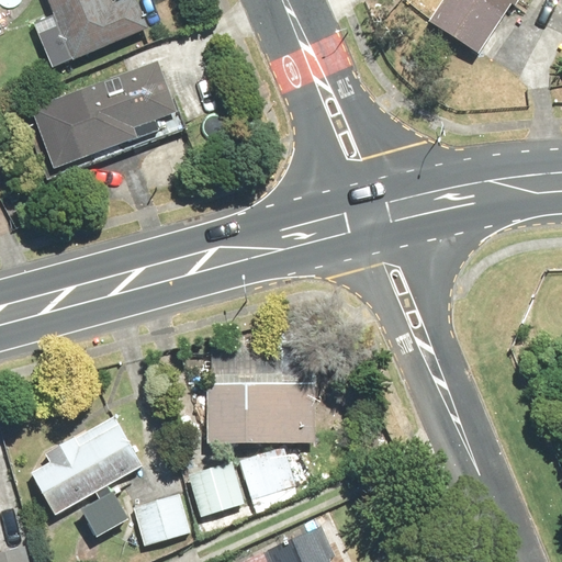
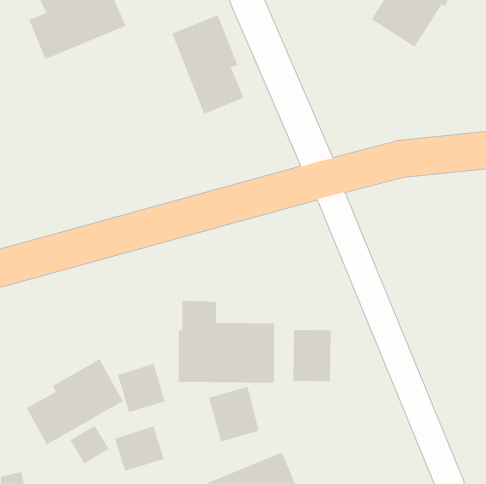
building: none -> [172,14,244,114]
building: [29,59,188,179] -> none
building: none -> [293,329,331,382]
building: [188,459,244,516] -> [117,363,166,413]

